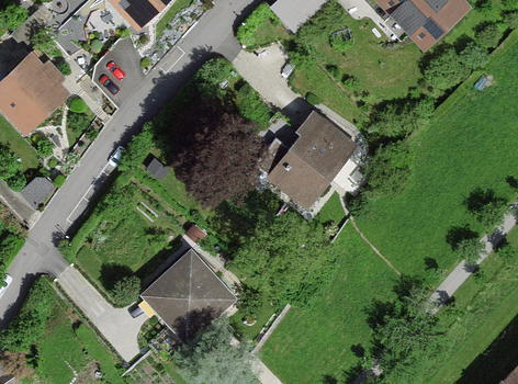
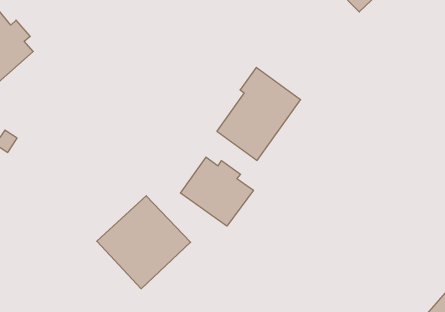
building: none -> [180,157,253,226]

